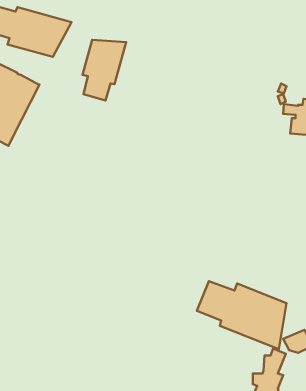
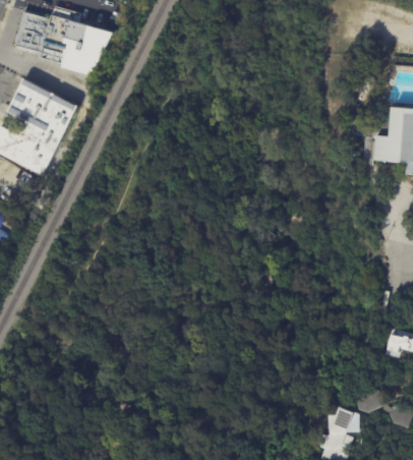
building: [82,40,126,101] -> none
building: [197,281,287,349] -> none

